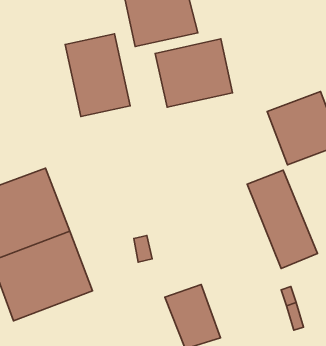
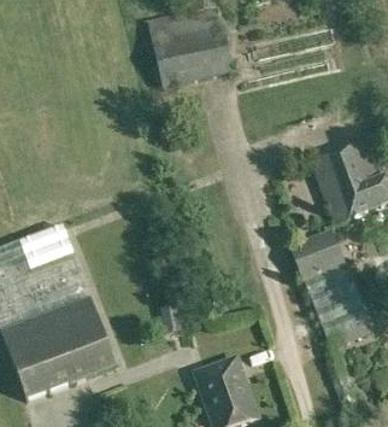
building: [65,34,130,117] -> none
building: [155,39,233,107] -> none

